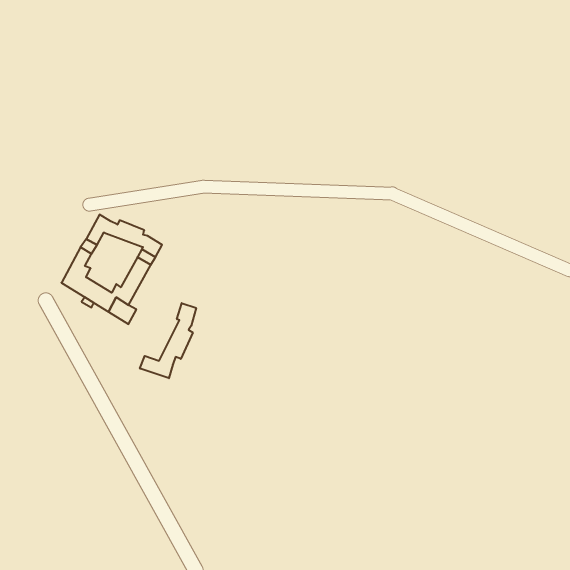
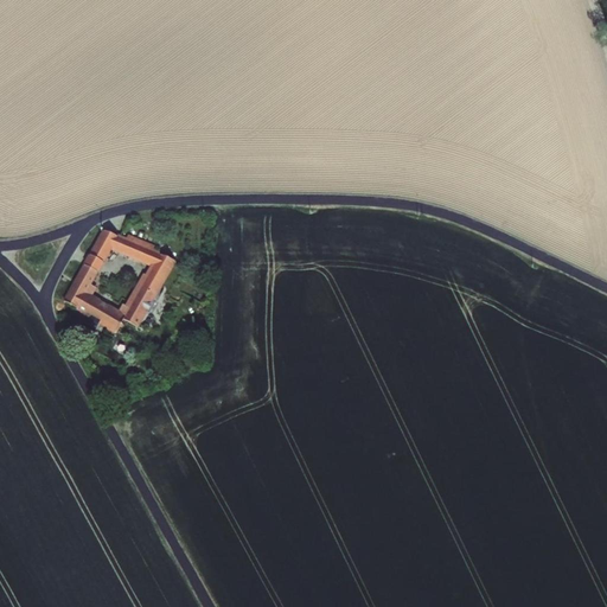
building: [140,303,196,378] -> none

